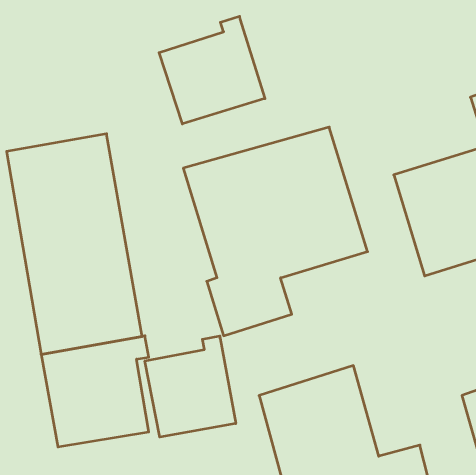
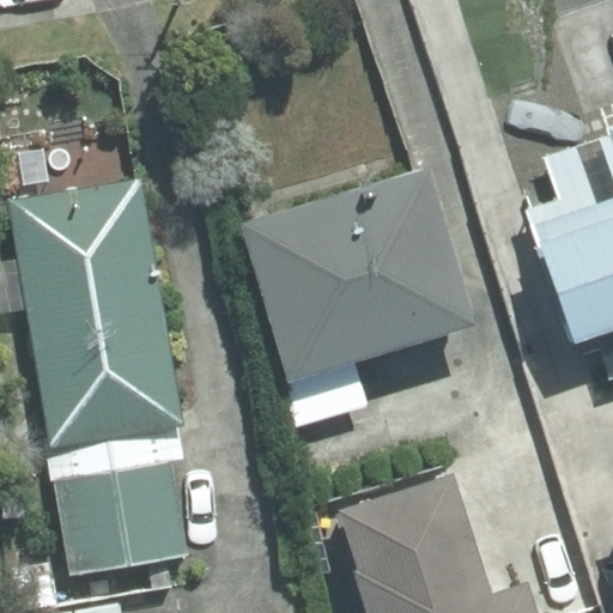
building: [159,16,265,124] -> none
building: [145,336,236,437] -> none

